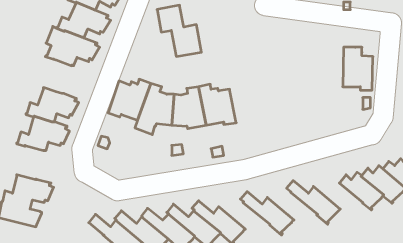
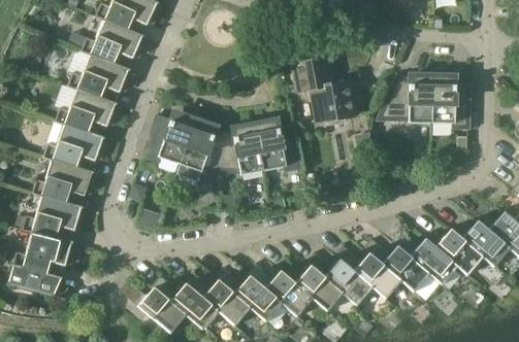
building: [157,5,201,56] -> [297,59,352,122]
building: none -> [379,75,433,125]
building: none -> [54,91,120,133]
building: none -> [21,197,86,239]
building: none -> [391,233,457,285]
building: none -> [335,247,401,300]
building: none -> [277,260,343,312]

